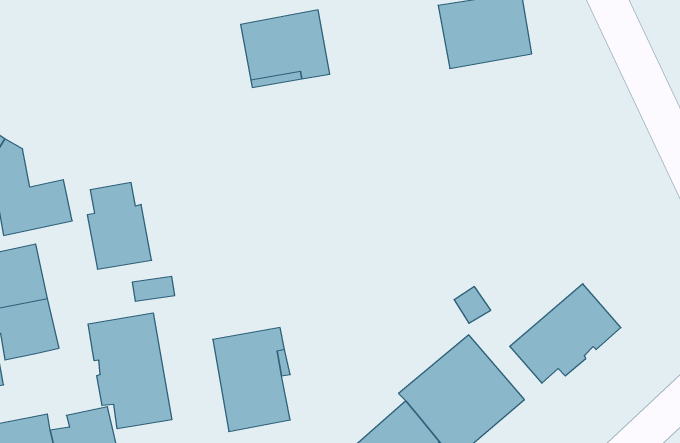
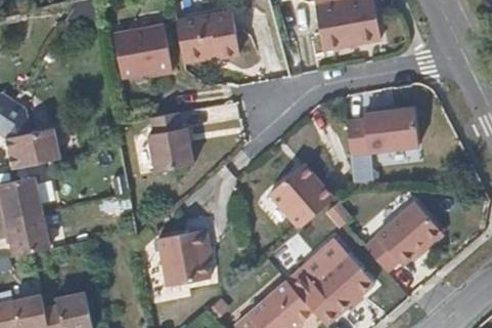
building: none -> [115,25,173,76]
building: none -> [346,109,418,155]
building: [87,183,152,269] -> [145,111,190,171]
building: none -> [272,163,337,228]
building: [88,313,172,429] -> none

